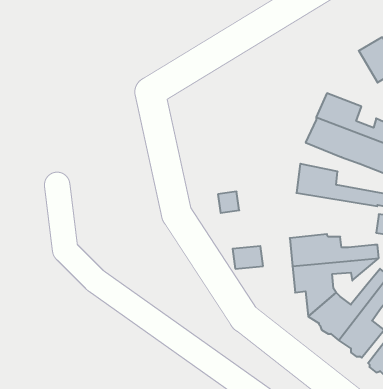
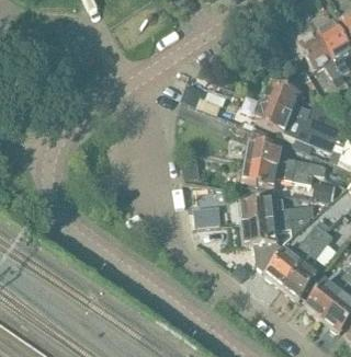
building: none -> [242,162,314,187]

